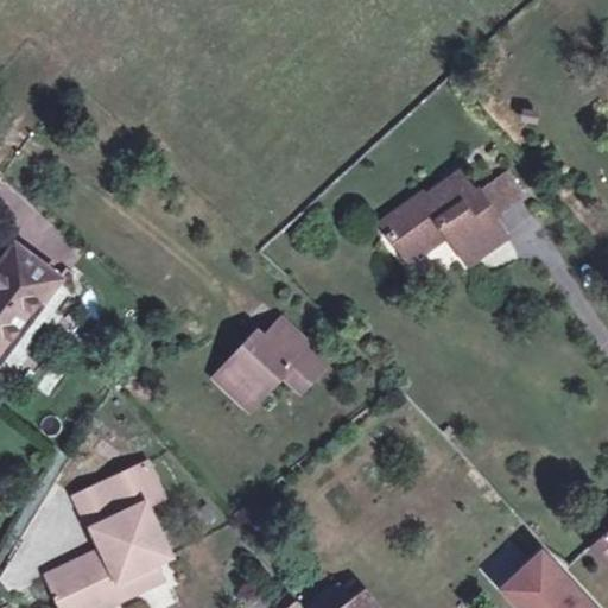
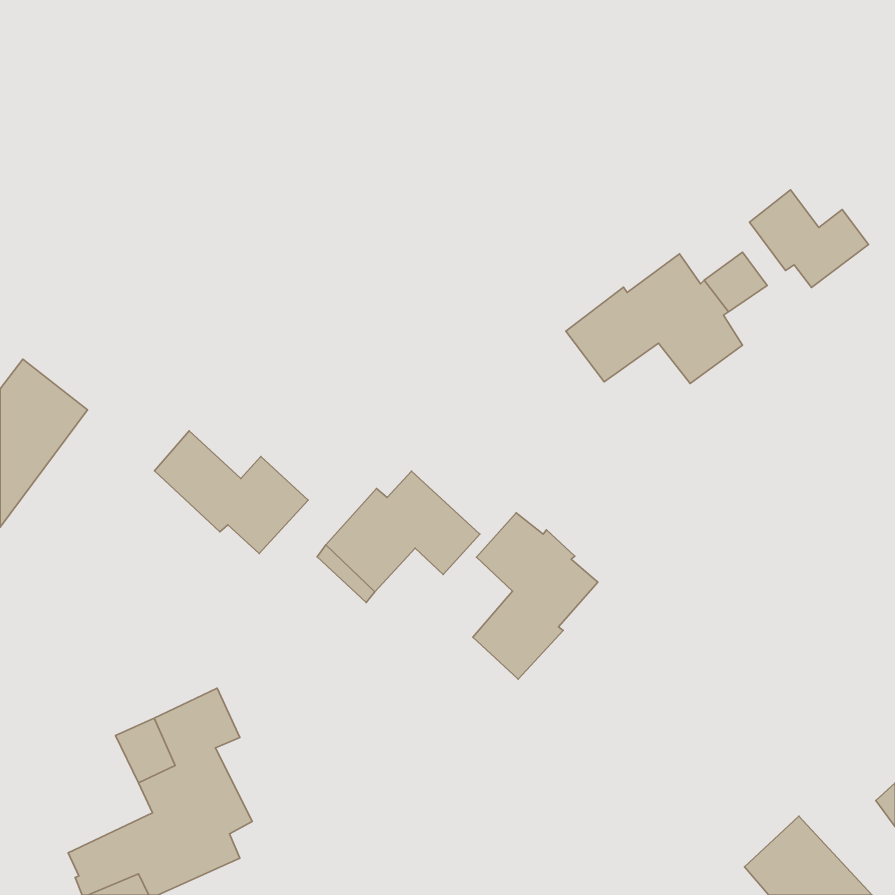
building: none -> [749,190,868,287]
building: none -> [155,431,308,553]
building: none -> [473,513,598,679]

